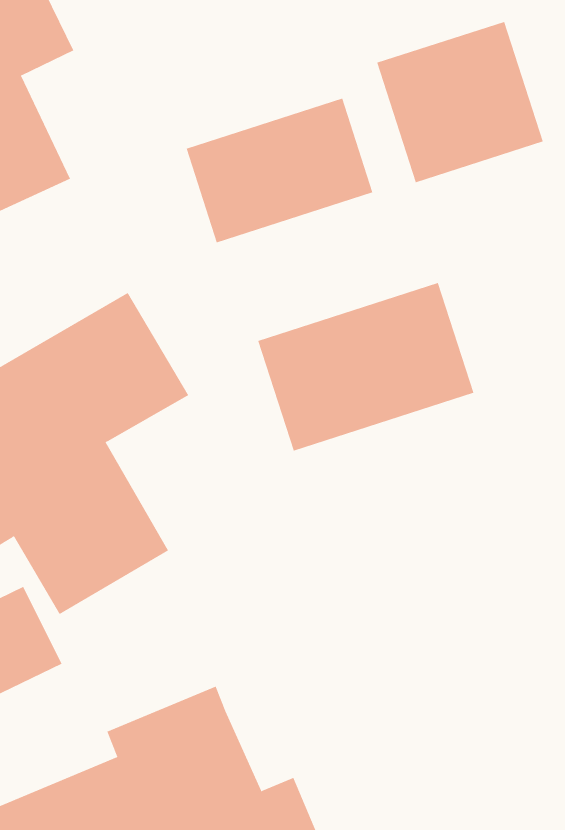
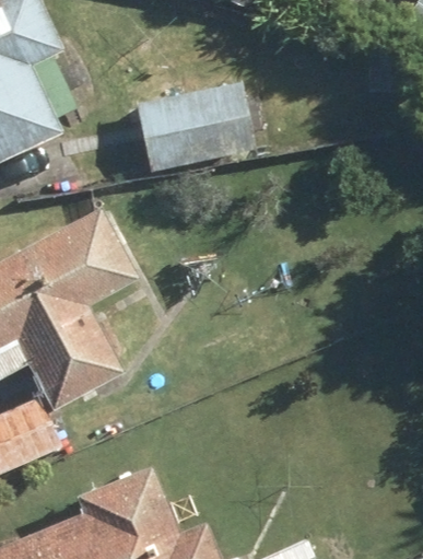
building: [376,21,543,183] -> none
building: [257,282,474,452] -> none

